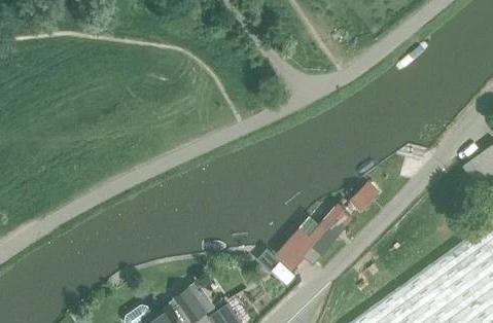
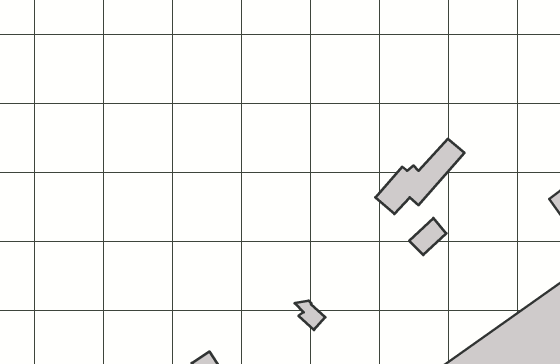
building: [279,208,351,268] -> [375,139,464,214]

